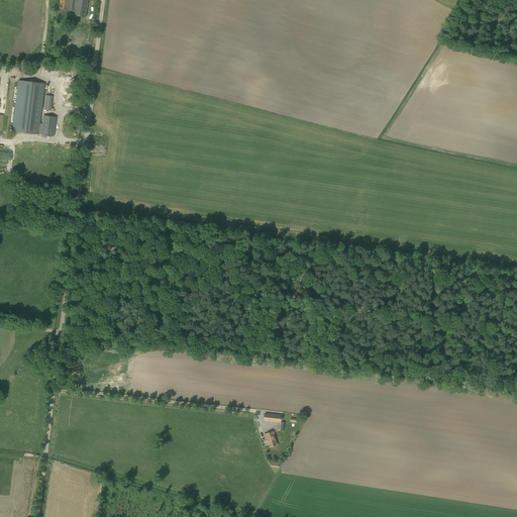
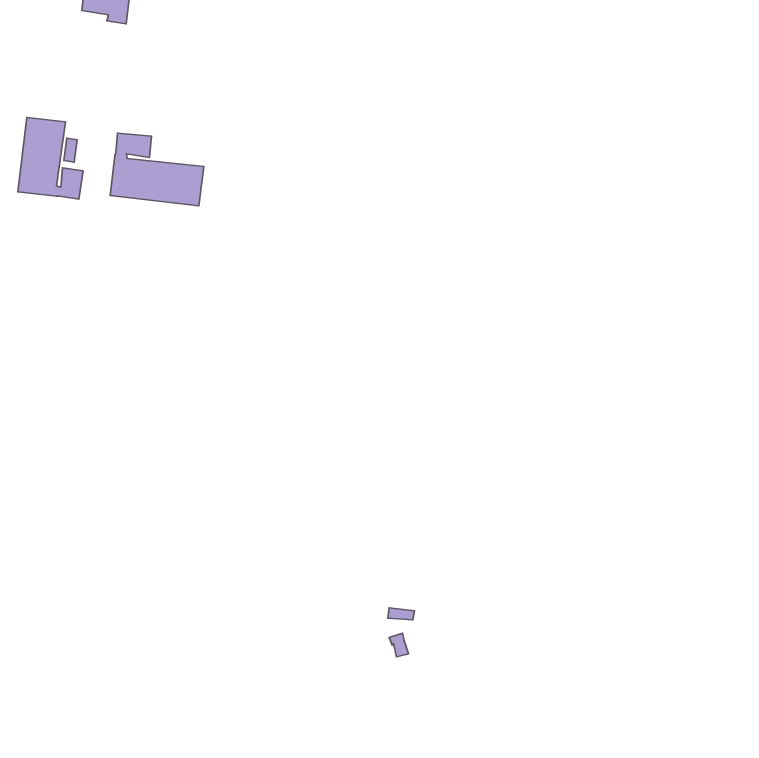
building: none -> [110,133,204,206]

